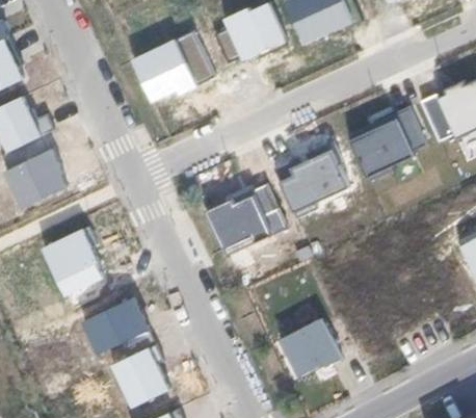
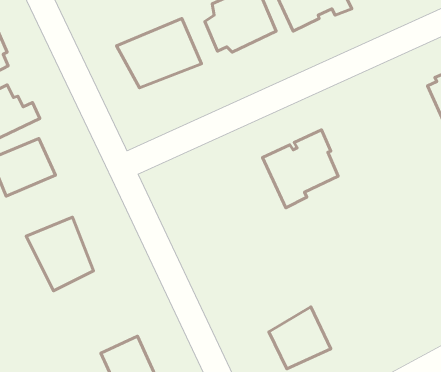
building: [346,107,425,183] -> none
building: [205,184,285,255] -> none
building: [81,296,148,355] -> none

